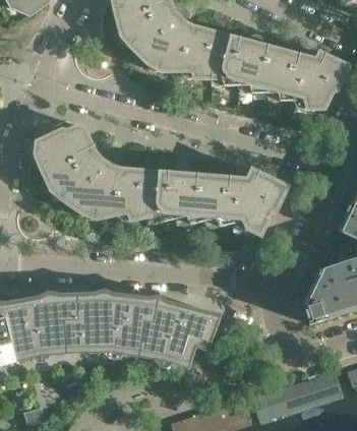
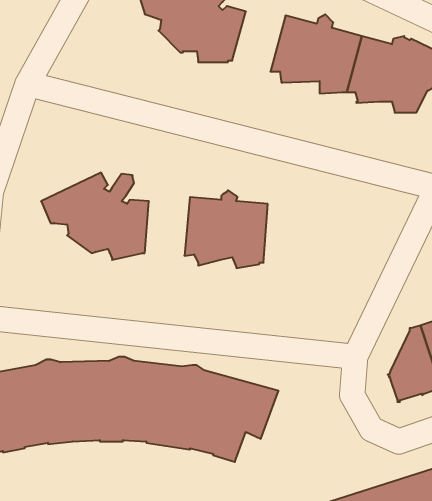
building: [188,29,228,77] -> none
building: [37,125,92,174] -> none
building: [123,170,157,219] -> none
building: [212,170,289,234] -> none

